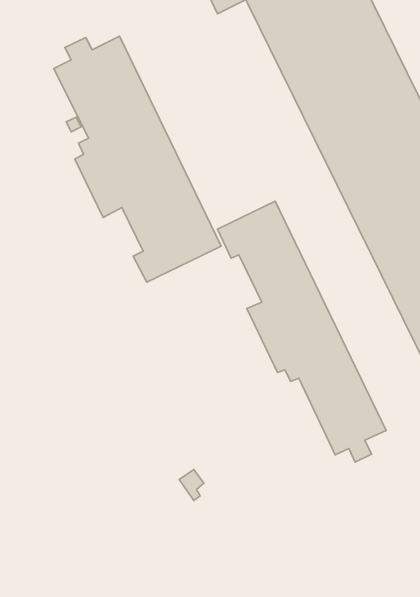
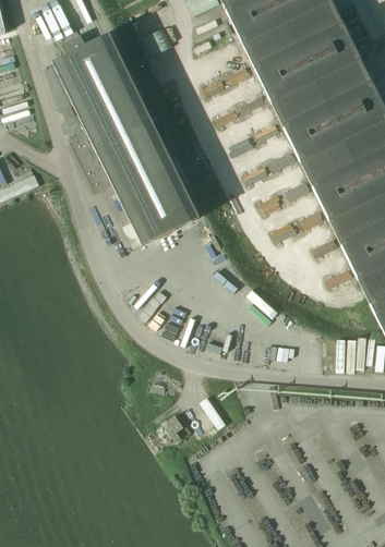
building: [218,201,386,462] -> none

